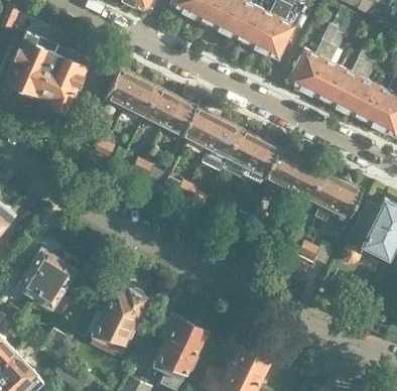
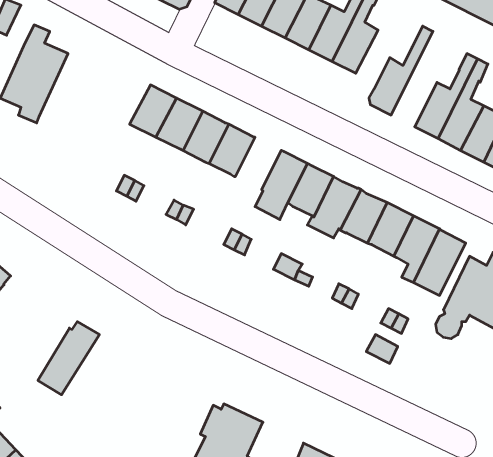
building: [306,25,348,102] -> none
building: [35,45,95,112] -> none
building: [186,110,222,150] -> none
building: [17,247,58,297] -> none
building: [73,287,147,350] -> none

